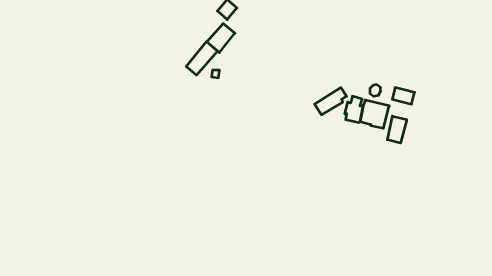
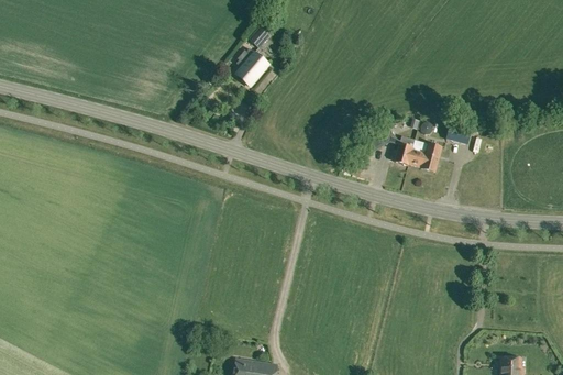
building: [186,42,218,75] -> none
building: [387,116,407,143] -> none

